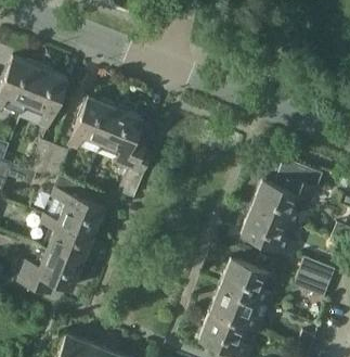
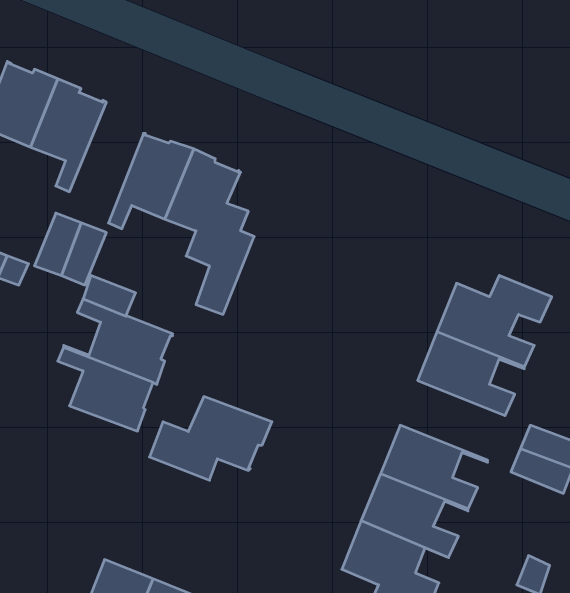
building: [17,247,86,294] -> [149,397,272,480]

